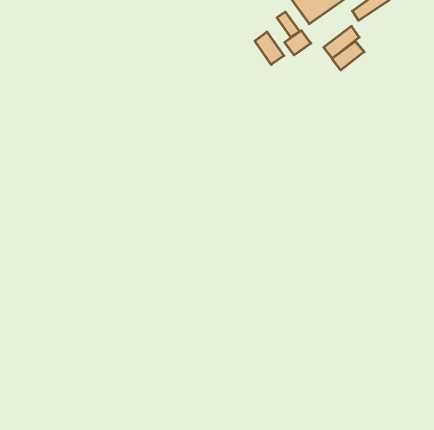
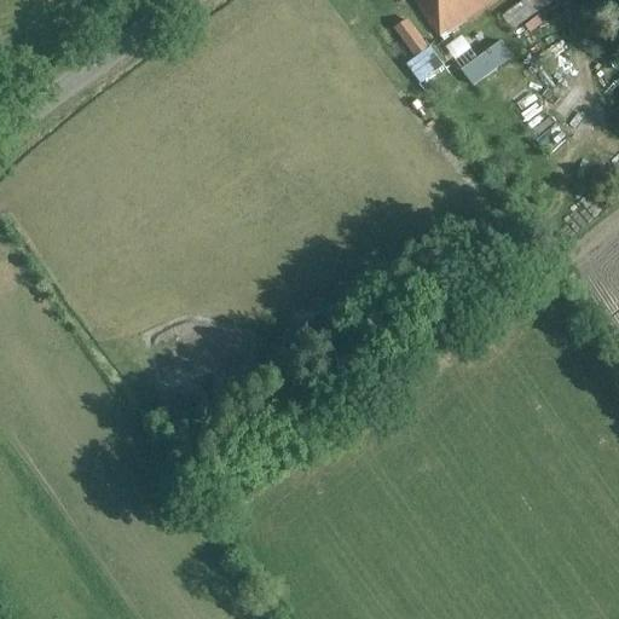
building: [255,32,284,65] -> none
building: [332,41,364,70] -> none

